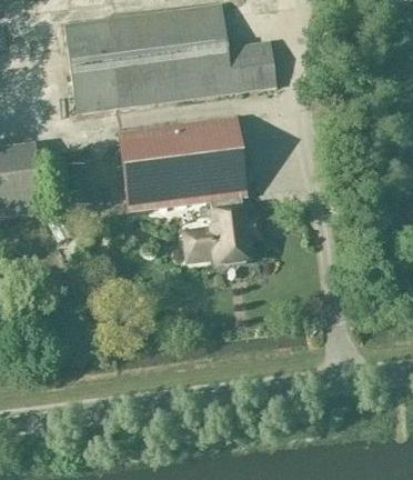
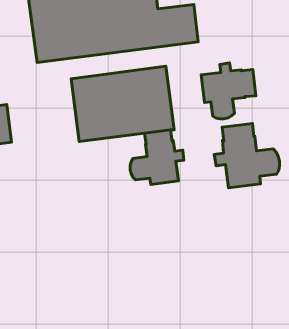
building: none -> [201,63,256,119]
building: none -> [214,124,280,188]

